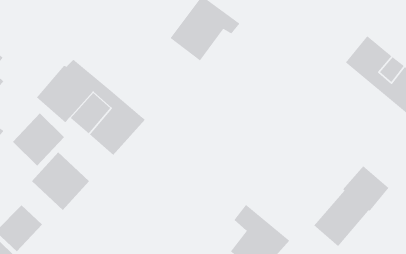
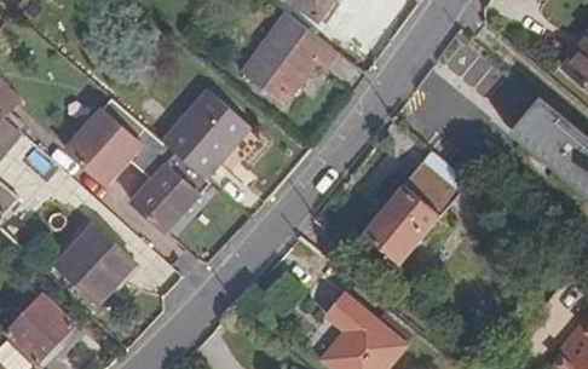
building: none -> [163,90,248,178]
building: [12,113,65,167] -> none
building: [313,165,389,247] -> [365,149,468,259]

